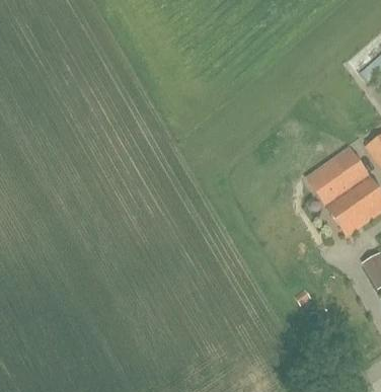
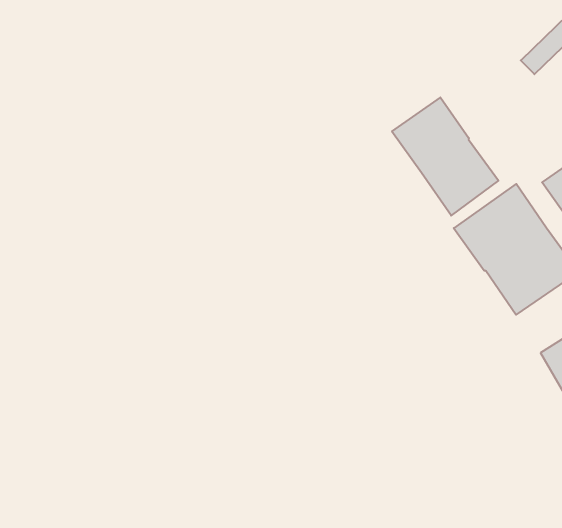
building: none -> [392,97,498,216]

